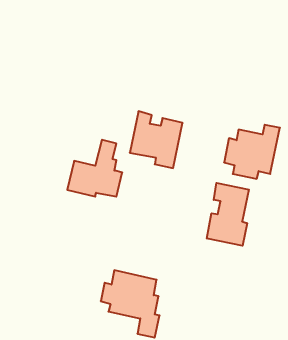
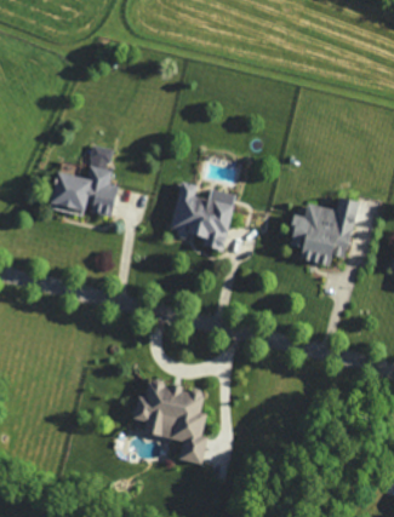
building: [67,140,122,197] -> [48,145,118,217]
building: [207,183,249,246] -> none

